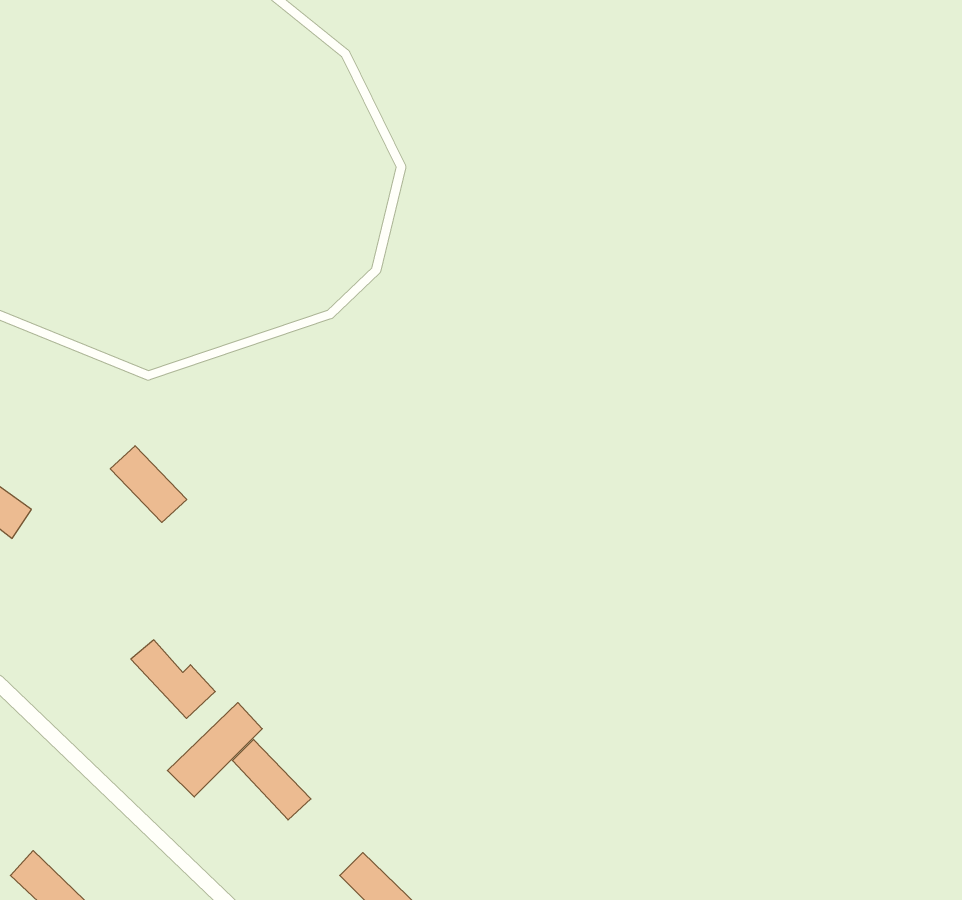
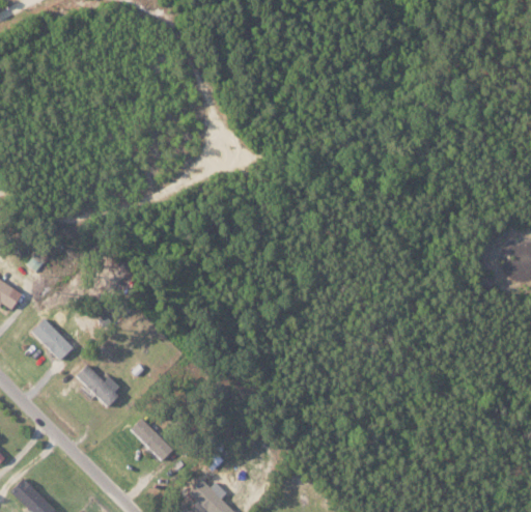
building: [110,446,187,522] -> [31,318,73,360]
building: [167,703,262,797] -> none

